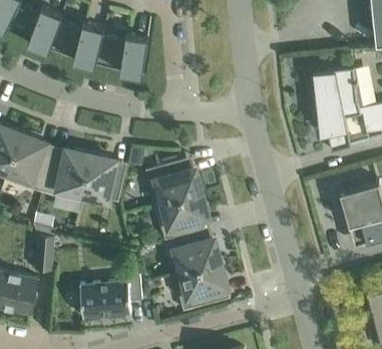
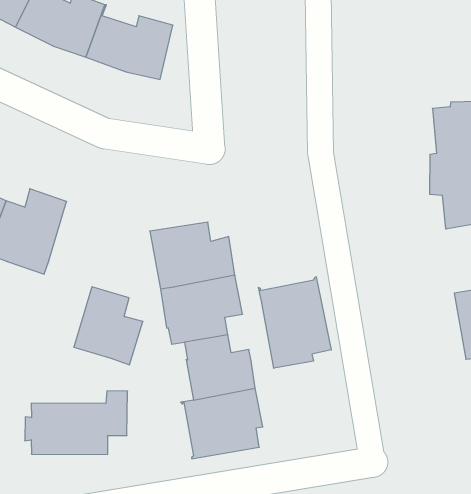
building: [82,155,124,203] -> [74,287,143,365]
building: none -> [258,277,331,368]

